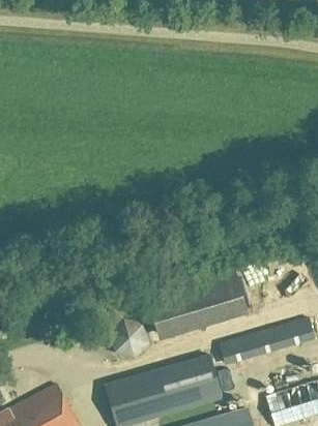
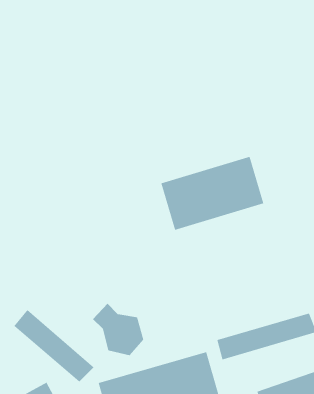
building: [148,268,248,339] -> [161,156,264,231]
building: none -> [14,309,95,383]

